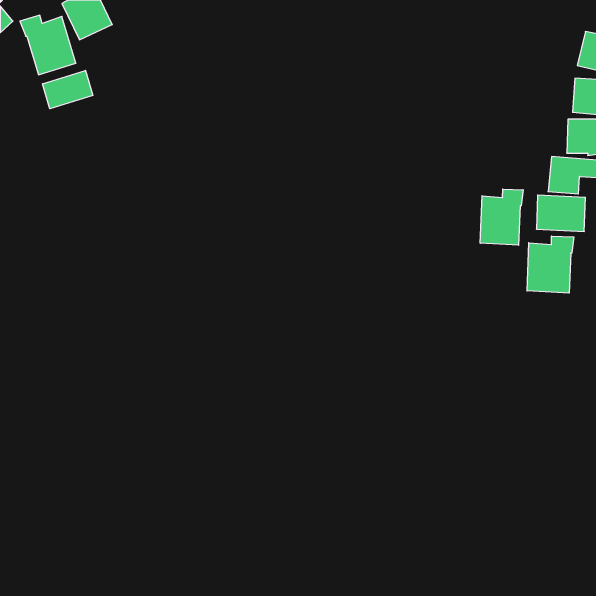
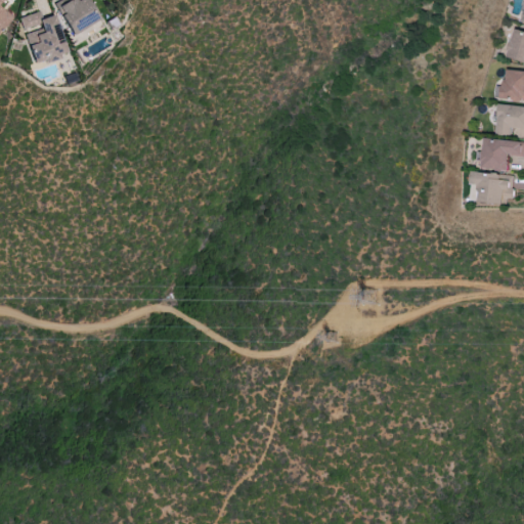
building: [43,70,93,109] -> none
building: [480,189,523,245] -> none
building: [527,236,574,293] -> none

